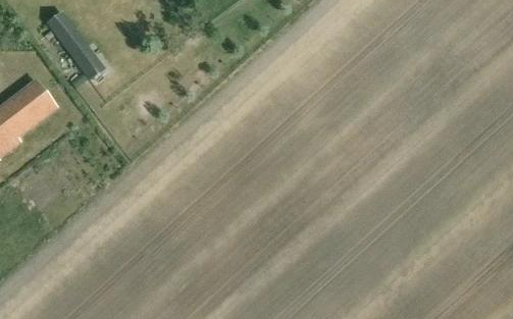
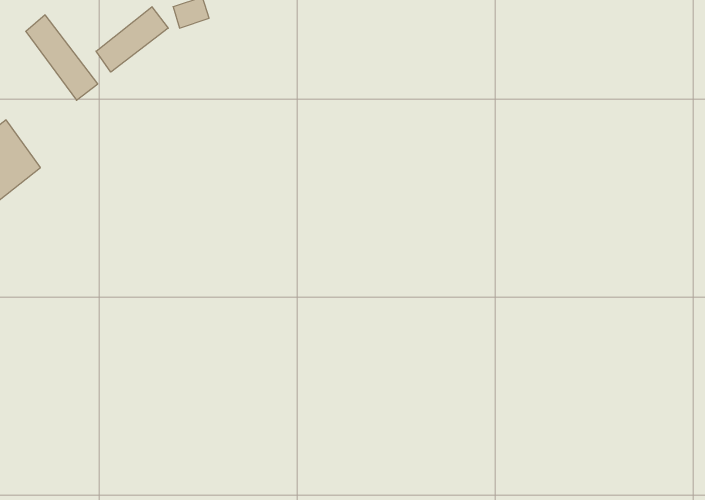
building: none -> [96,7,168,72]

